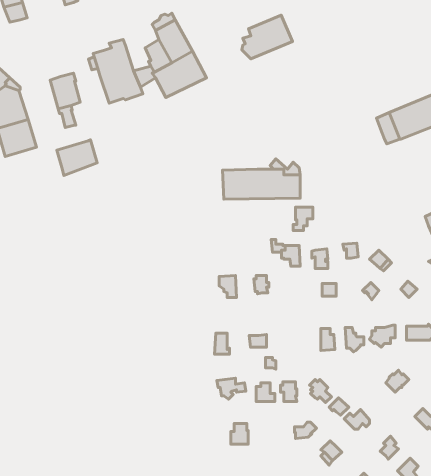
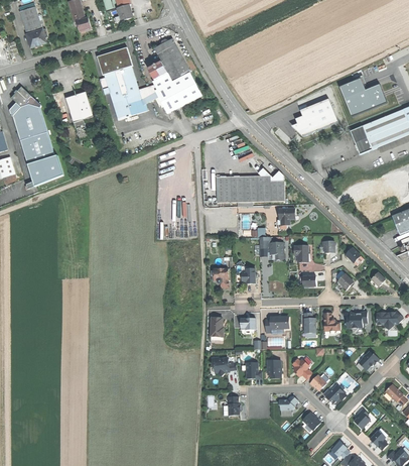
building: [242,15,293,59] -> [294,98,338,136]
building: none -> [97,47,133,76]
building: none -> [339,75,387,116]
building: [57,140,97,176] -> [27,155,62,187]
building: none -> [264,316,289,334]

